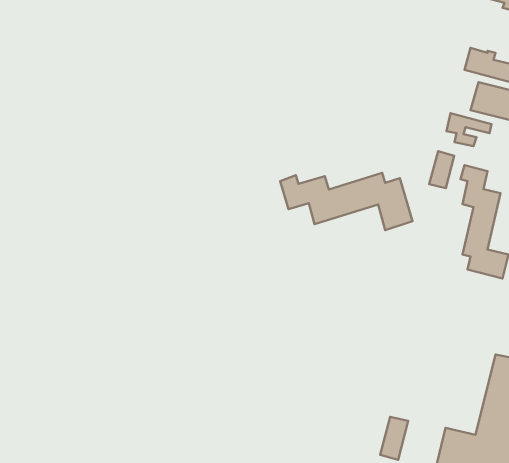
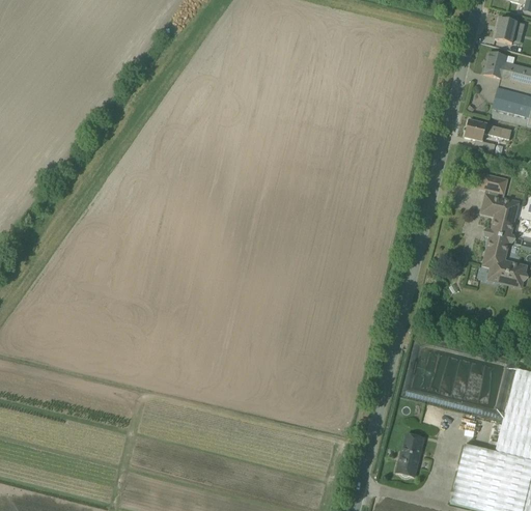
building: none -> [495,18,524,42]
building: [429,151,454,188] -> none
building: [280,173,412,230] -> none

